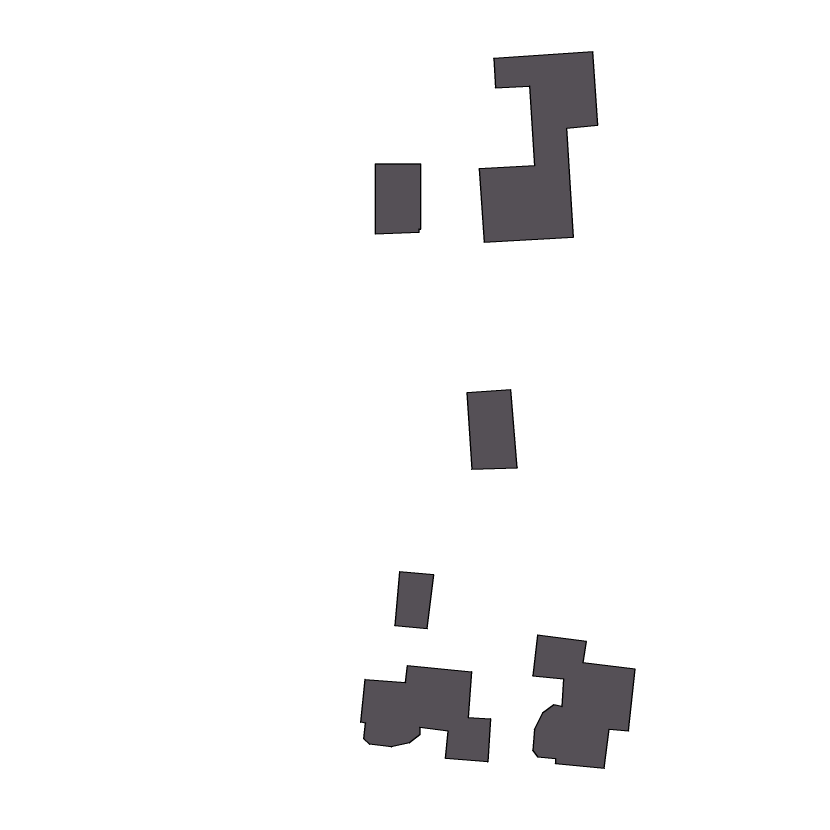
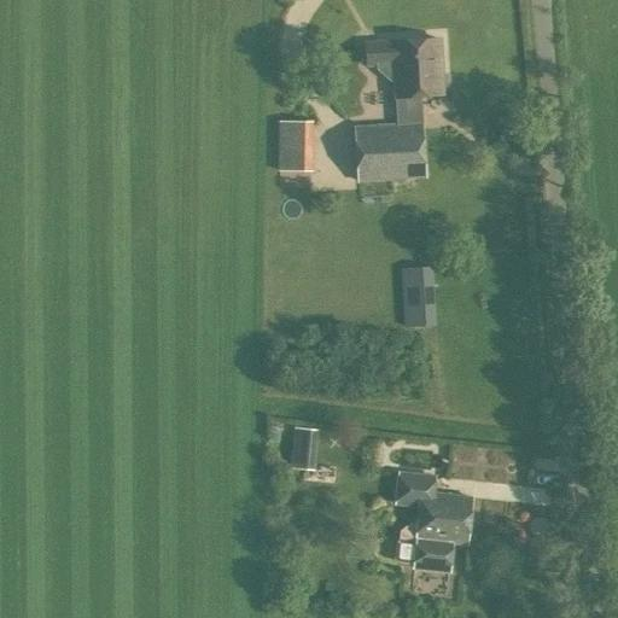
building: [467,390,517,469] -> [401,266,438,325]
building: [361,666,490,762] -> none

